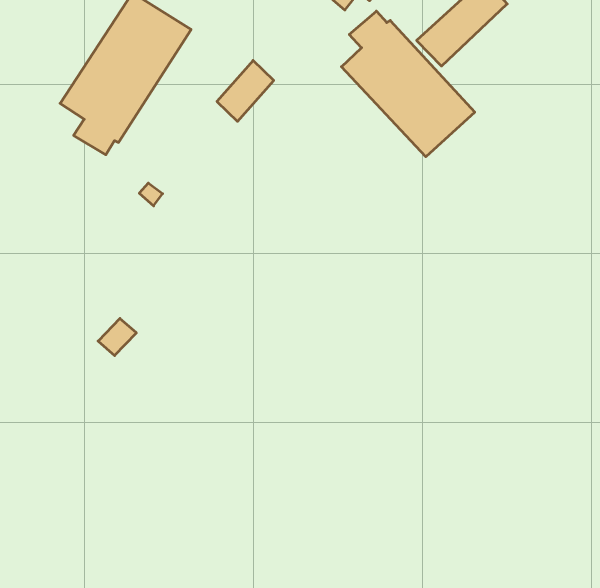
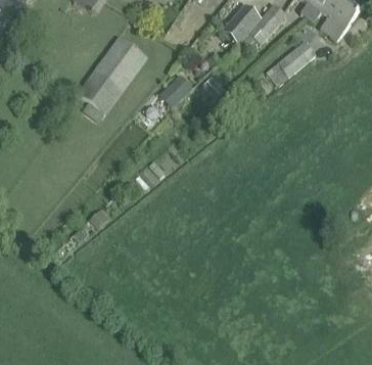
building: [341,11,475,157] -> none

